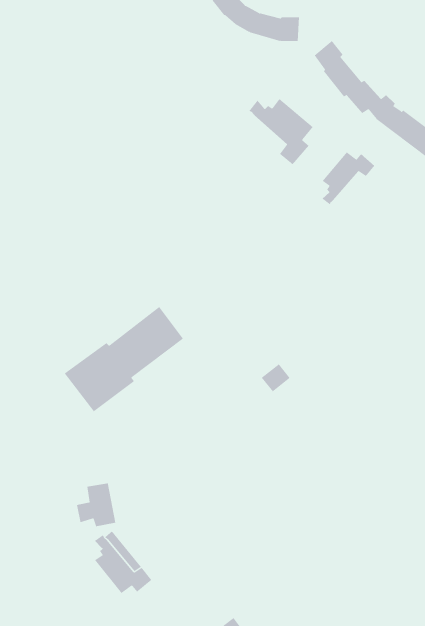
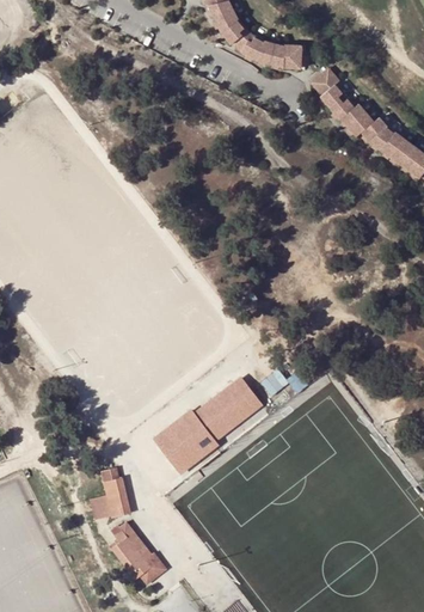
building: [249,98,313,165] -> none
building: [322,151,375,205] -> none
building: [64,306,184,412] -> [149,377,260,475]

